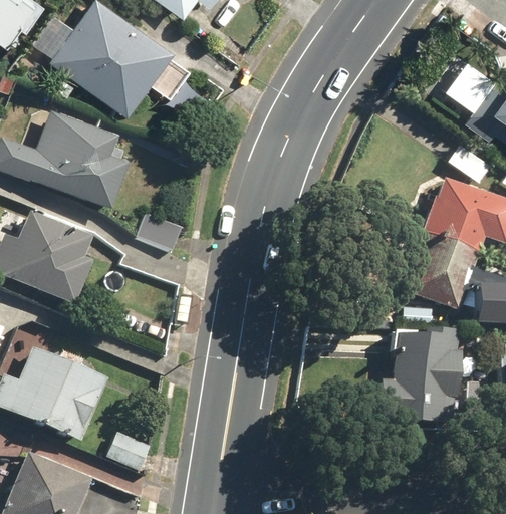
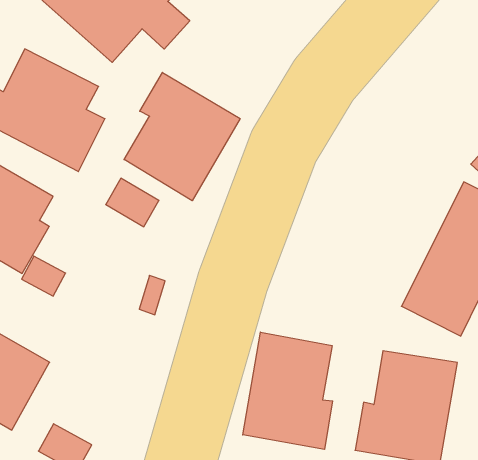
building: none -> [124,72,240,201]
building: none -> [243,332,333,449]

